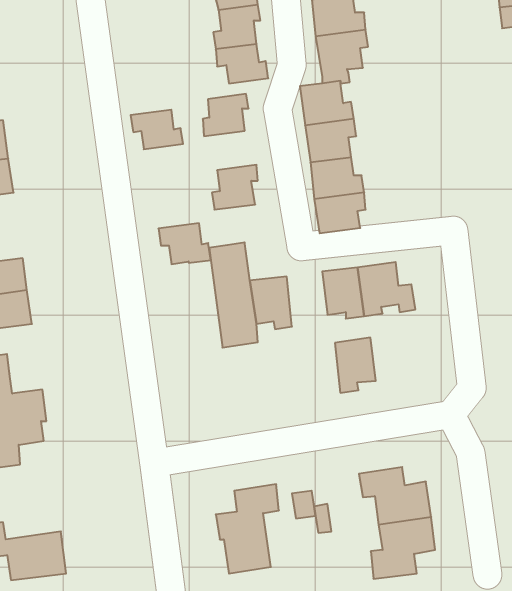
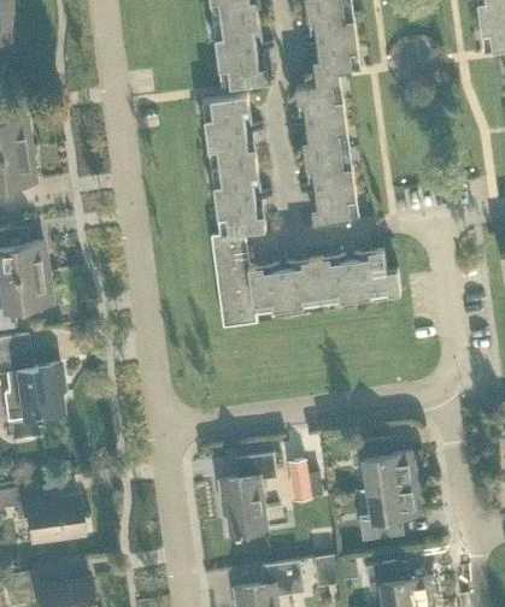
building: [131,110,183,149] -> [207,130,256,166]
building: [158,223,211,264] -> [217,198,265,235]
building: [335,338,376,393] -> [283,259,321,310]

